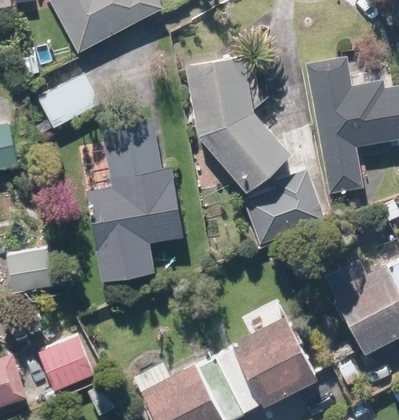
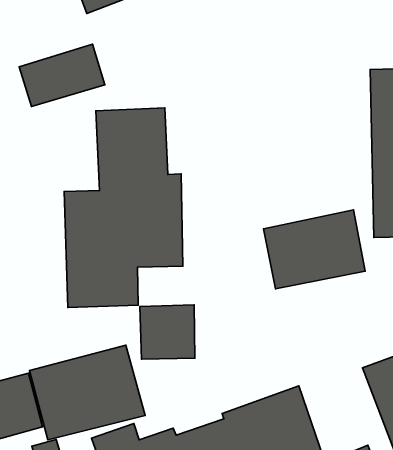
building: [190,58,292,190] -> none
building: none -> [140,305,195,359]
building: none -> [29,345,145,440]

